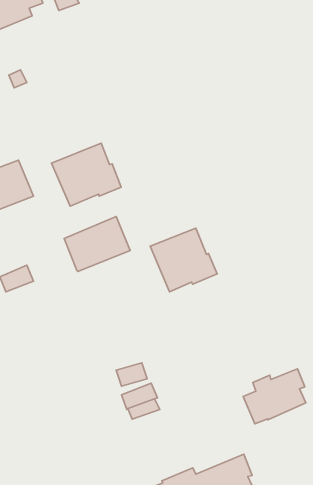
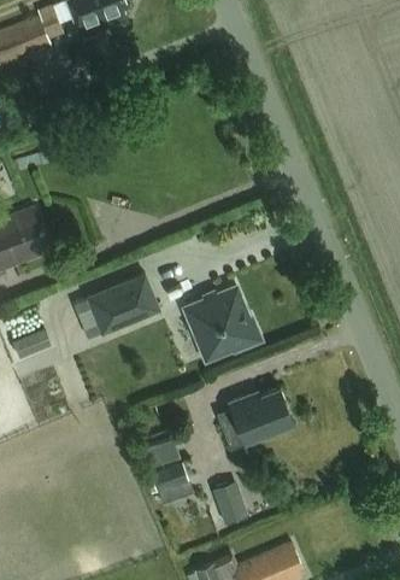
building: [52,143,121,206] -> none
building: [243,369,306,424] -> [217,387,288,450]
building: none -> [214,484,248,526]

